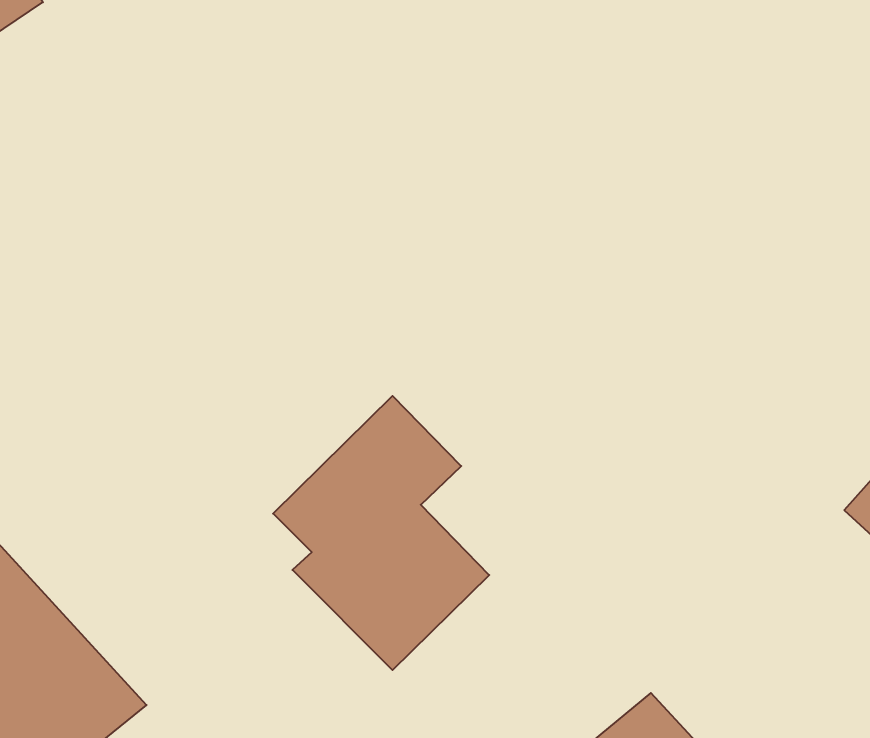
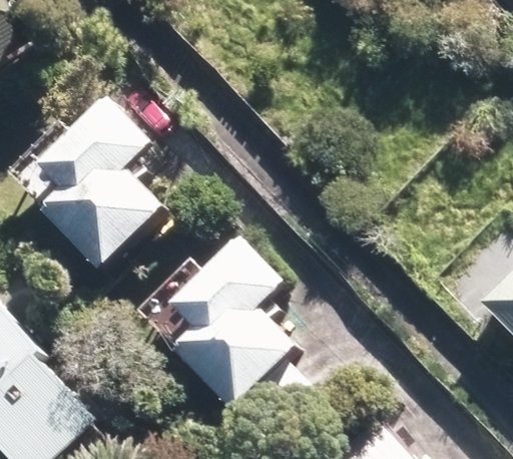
building: none -> [36,109,152,266]

